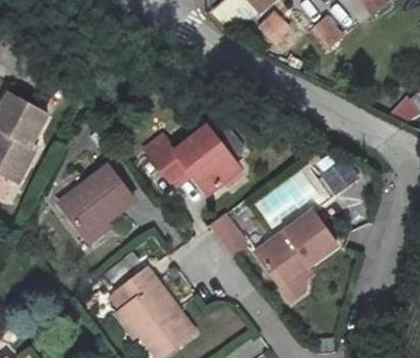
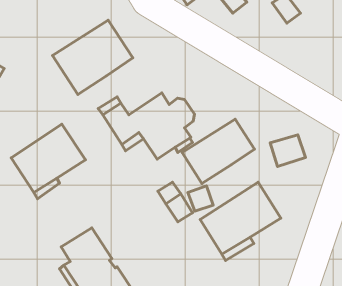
building: none -> [53,20,133,94]
building: none -> [182,119,254,184]

